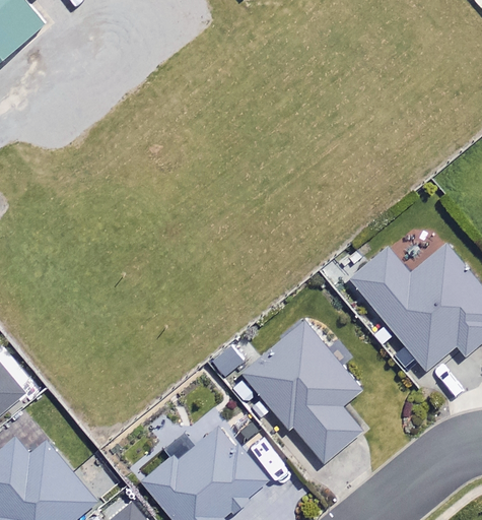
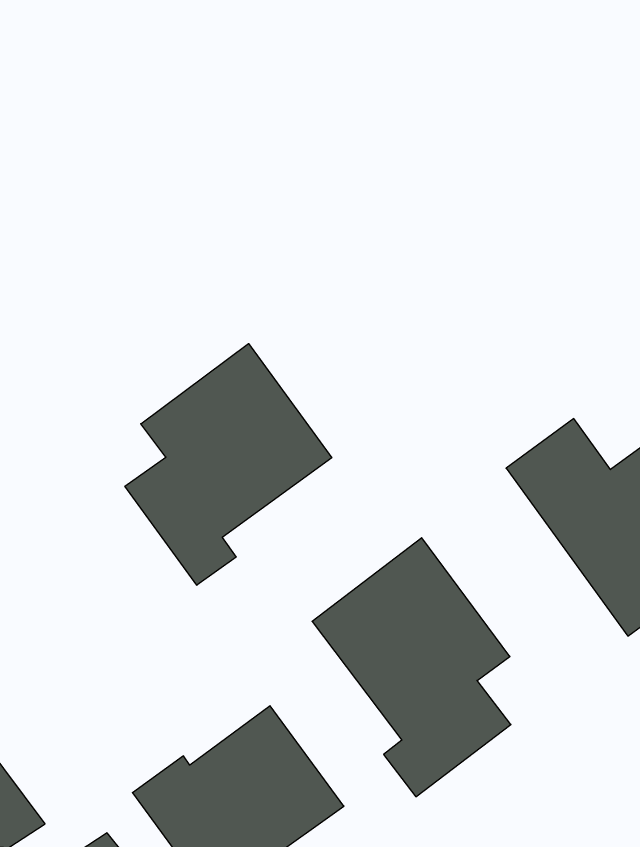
building: none -> [125,344,332,585]

